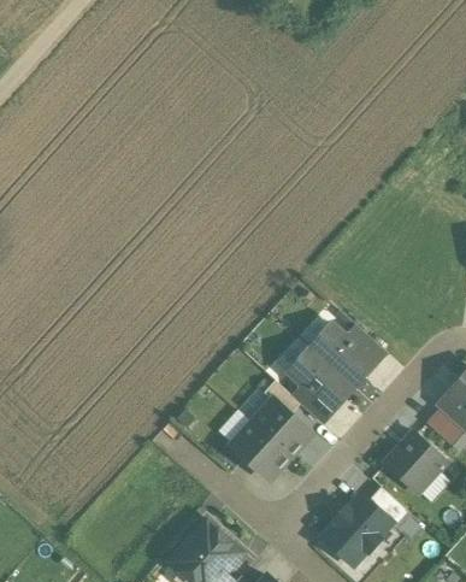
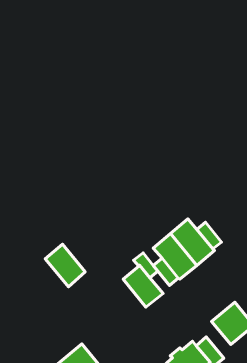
building: [230,421,289,480] -> [45,244,85,287]

